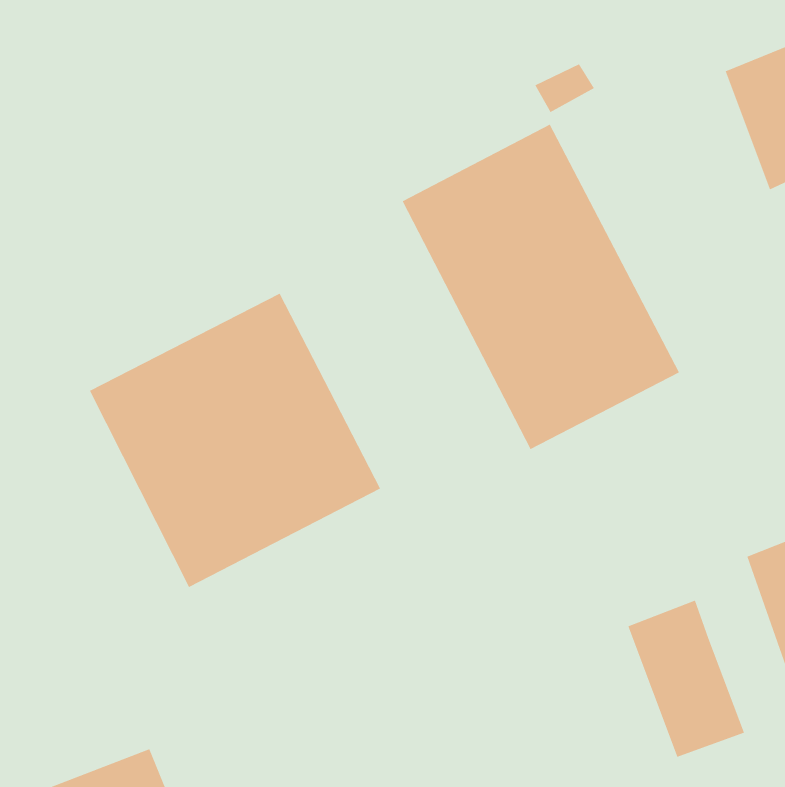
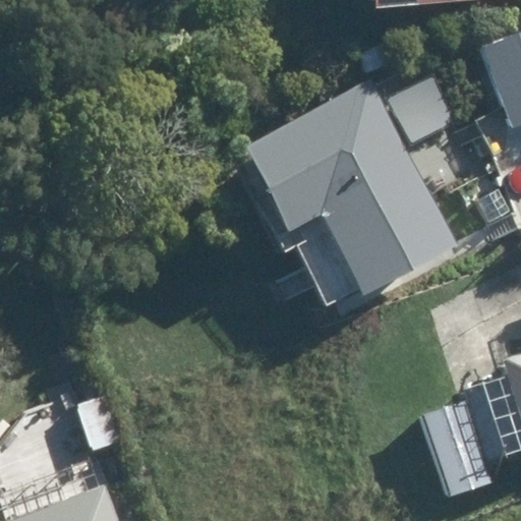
building: [89,293,381,588] -> none

